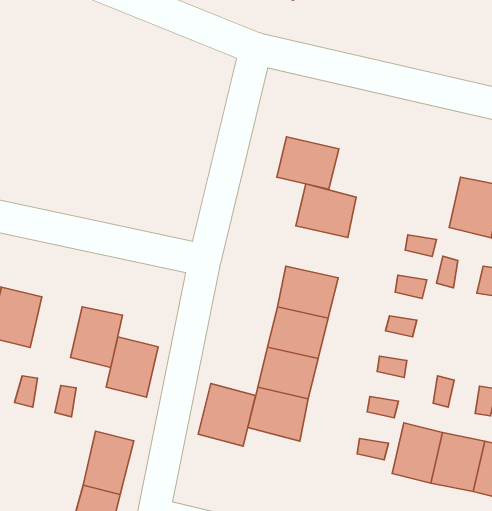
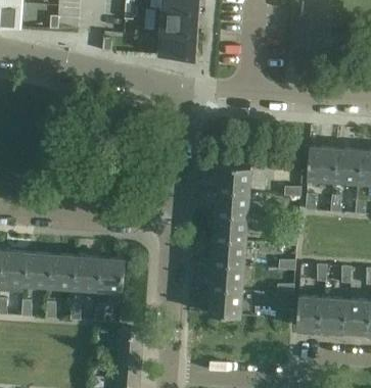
building: [277,137,339,189] -> [216,192,249,219]
building: [106,337,158,397] -> [74,257,100,290]
building: [198,383,256,446] -> none

